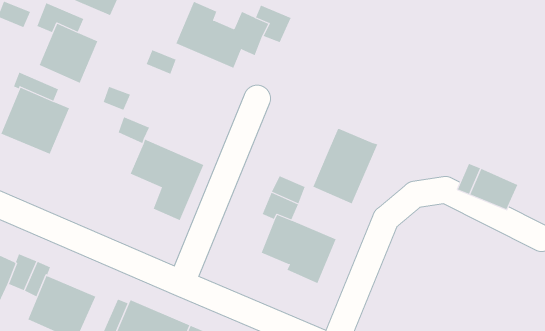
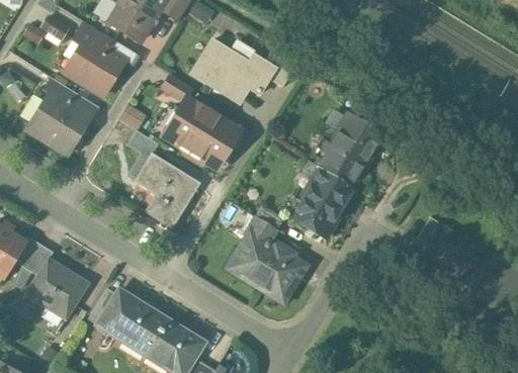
building: none -> [317,117,378,185]
building: none -> [168,99,237,164]

